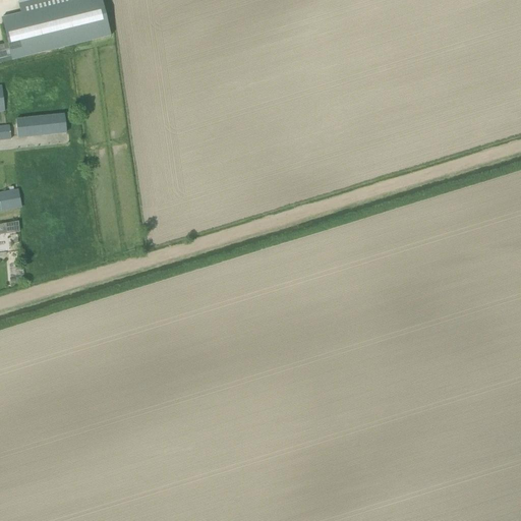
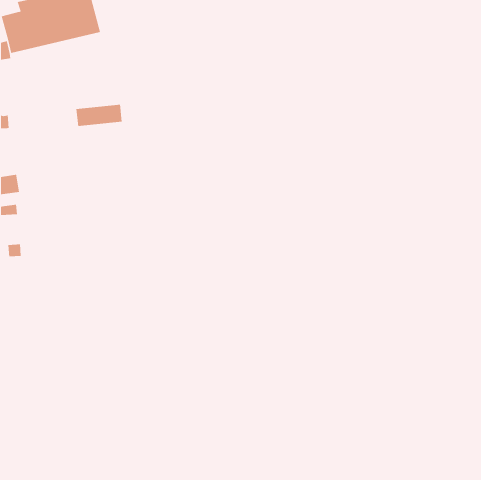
building: [15,113,66,137] -> [76,104,123,127]

